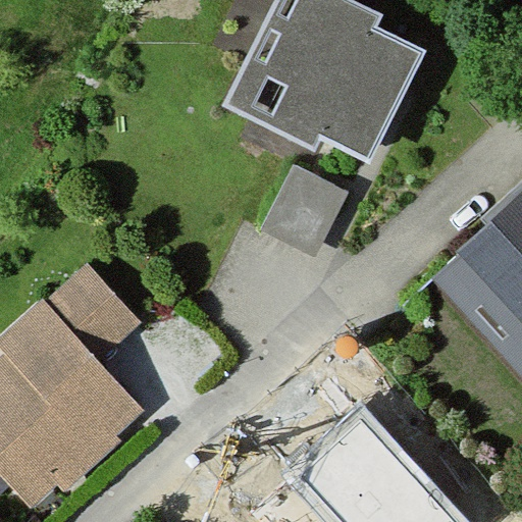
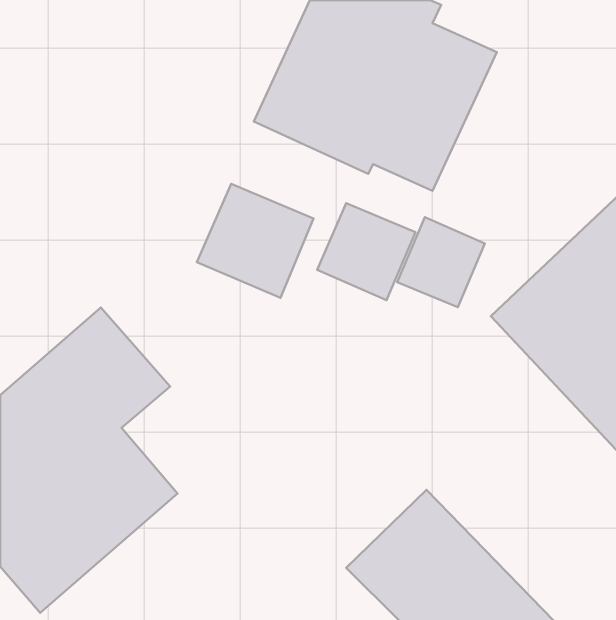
building: none -> [197,184,314,298]
building: none -> [397,217,485,307]

